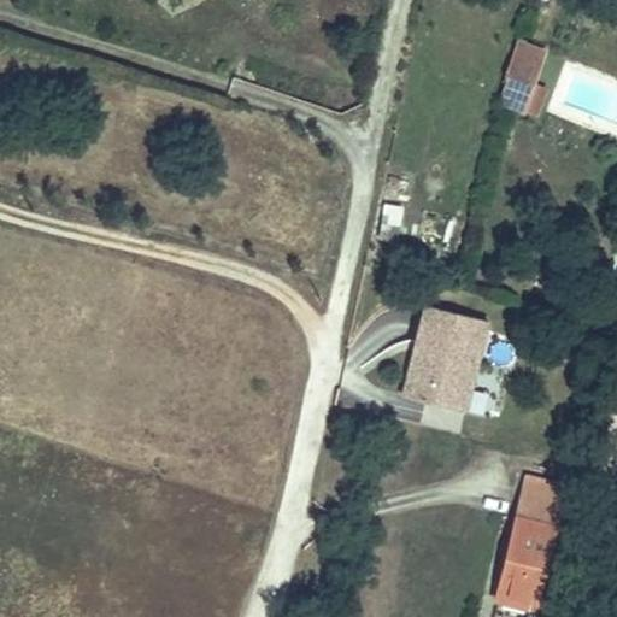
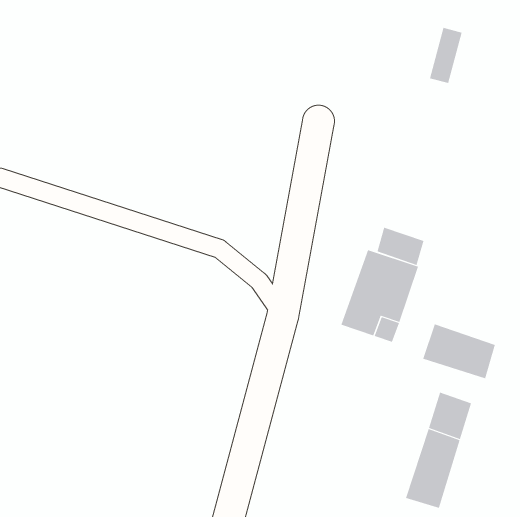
building: none -> [377,227,424,266]
building: none -> [423,323,496,379]

